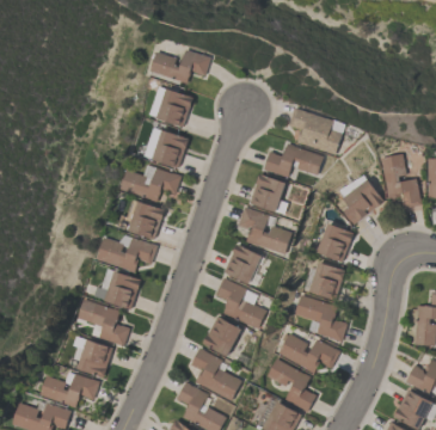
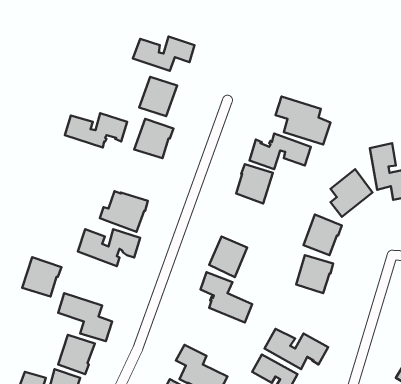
building: [121,167,182,201] -> [65,113,127,148]
building: [238,205,293,253] -> none
building: [104,270,142,308] -> [22,257,61,297]
building: [294,294,348,340] -> none
building: [203,315,242,356] -> none

